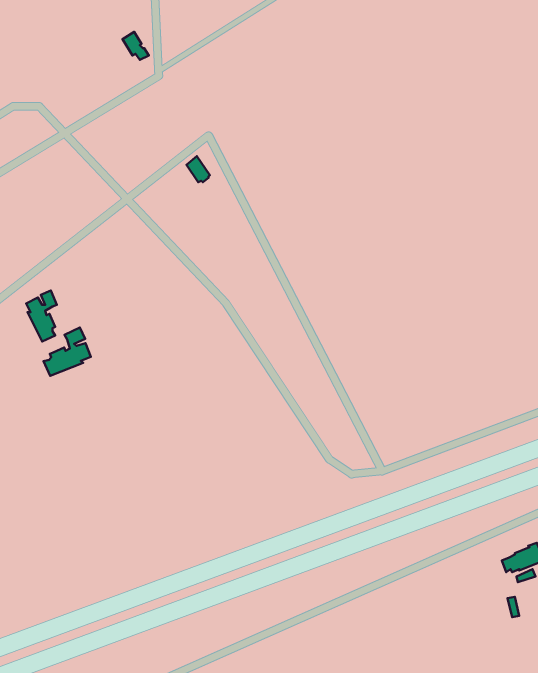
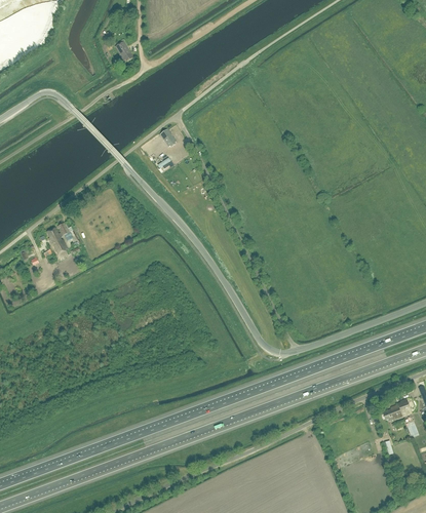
building: [44,327,91,376] -> none

